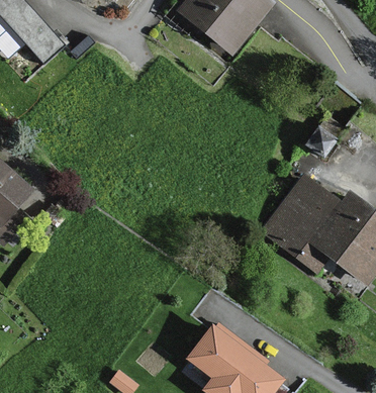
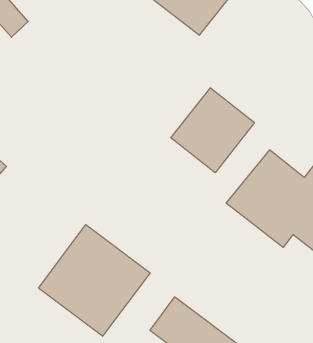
building: none -> [171,88,254,173]
building: none -> [39,225,150,336]

